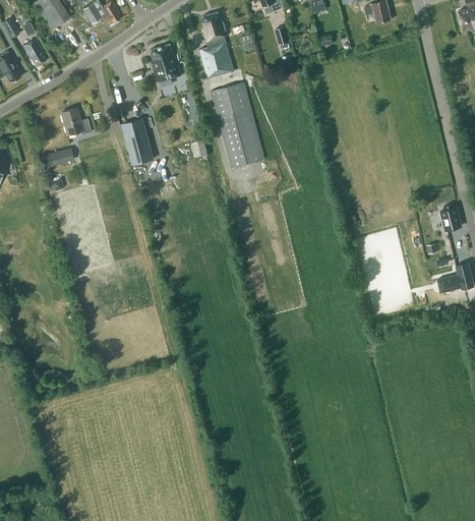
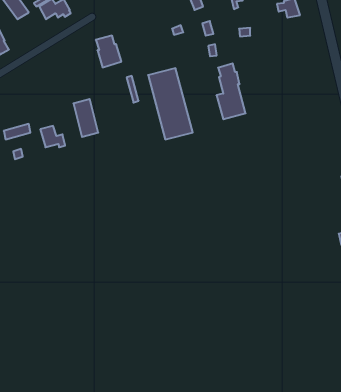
building: [199,11,234,77] -> [216,63,246,119]
building: [61,108,91,133] -> [40,126,65,147]

